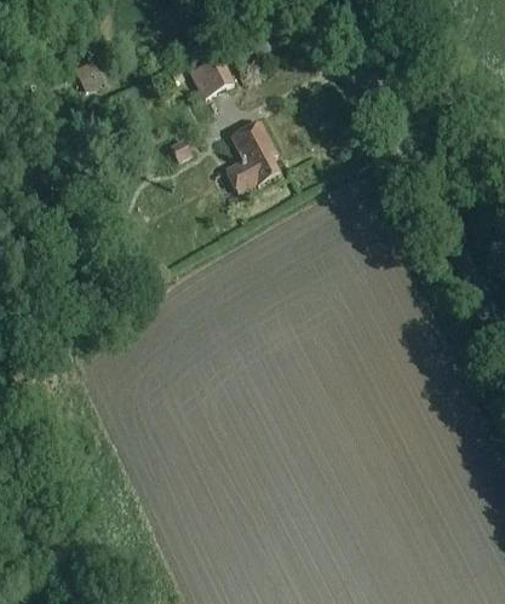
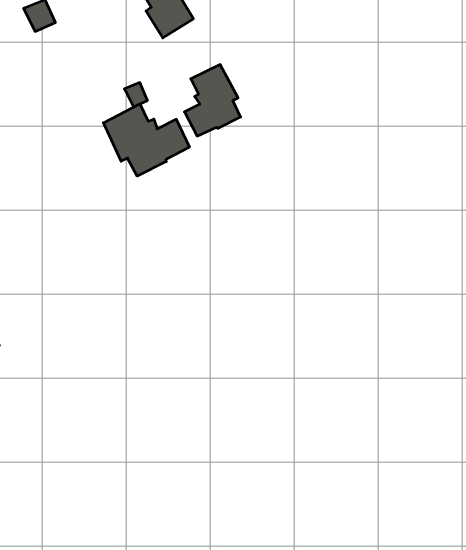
building: none -> [103,104,189,176]

